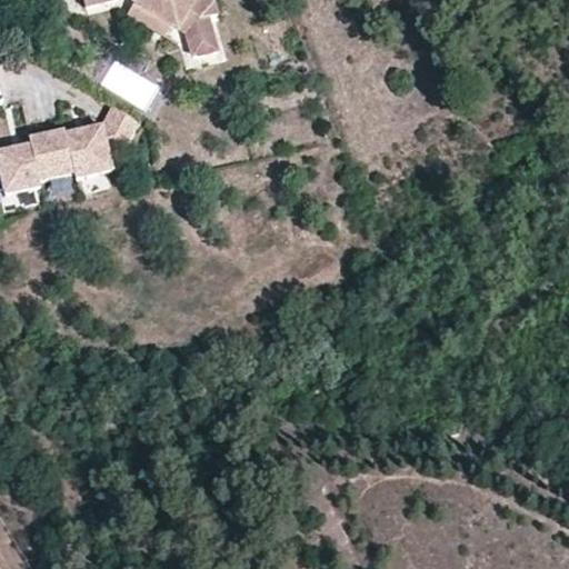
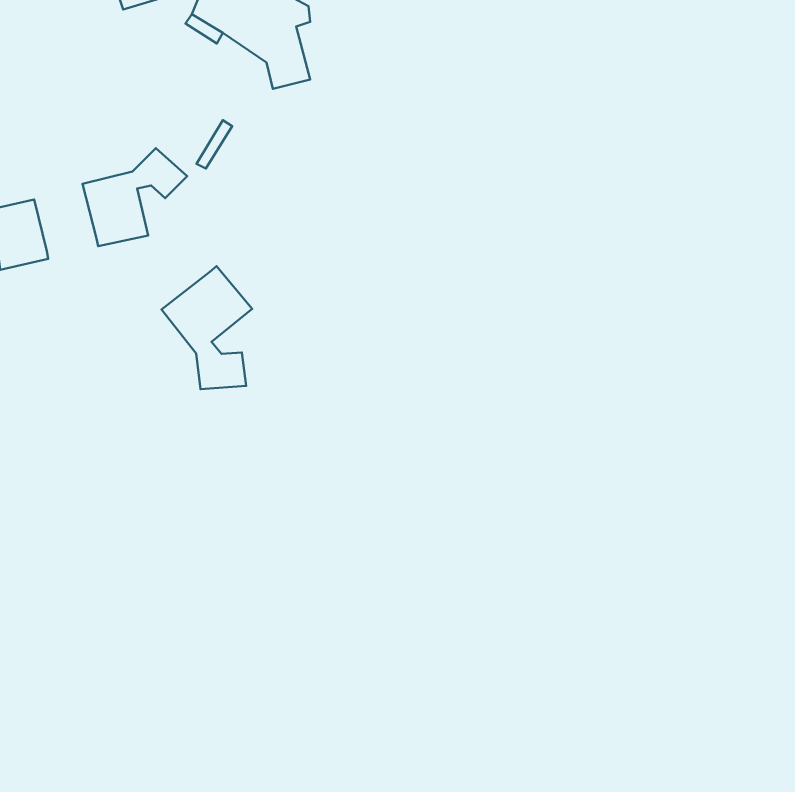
building: [23,128,69,179] -> none
building: none -> [161,266,252,389]

